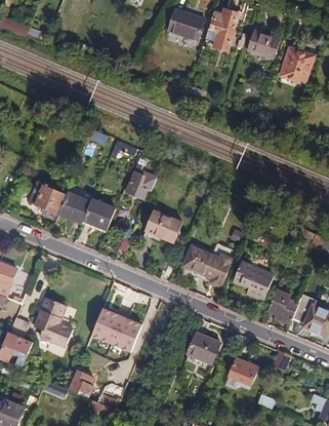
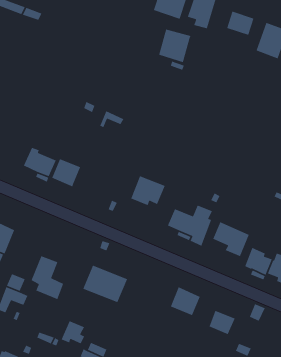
building: none -> [158,28,192,63]
building: [125,163,157,199] -> none
building: [82,198,116,231] -> none

